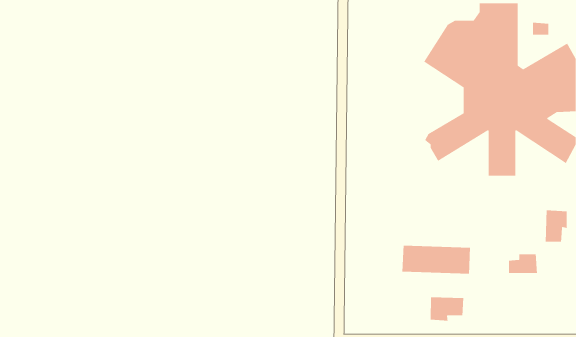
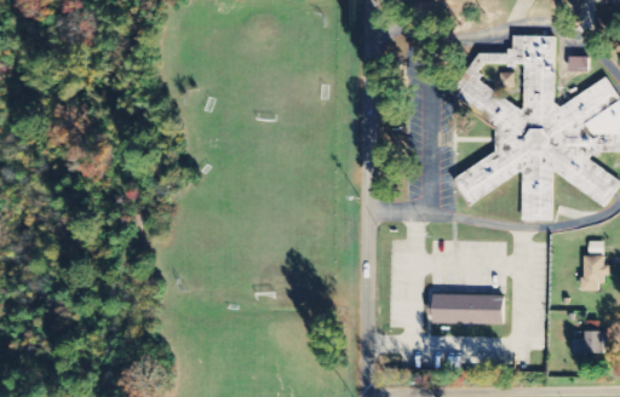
building: [508,253,538,274] -> [573,333,604,355]
building: [430,297,464,321] -> none

